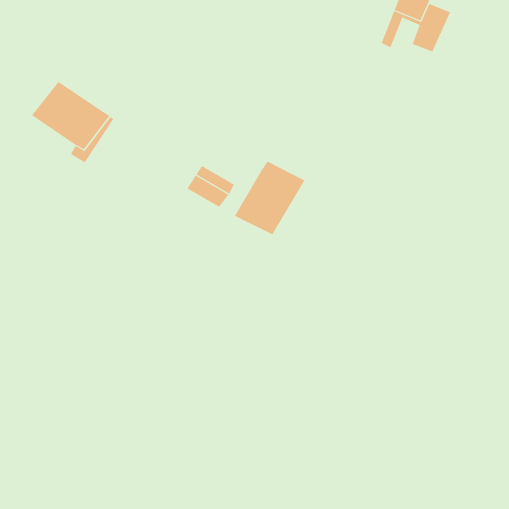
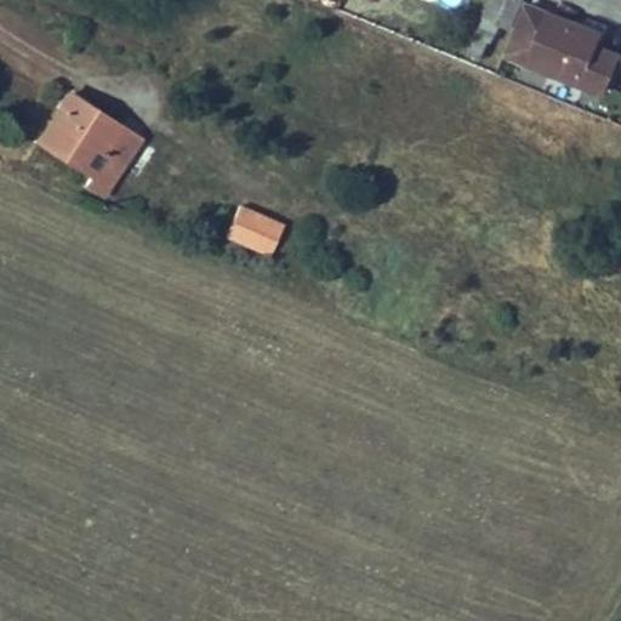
building: none -> [528,15,614,93]
building: [234,161,305,235] -> none

